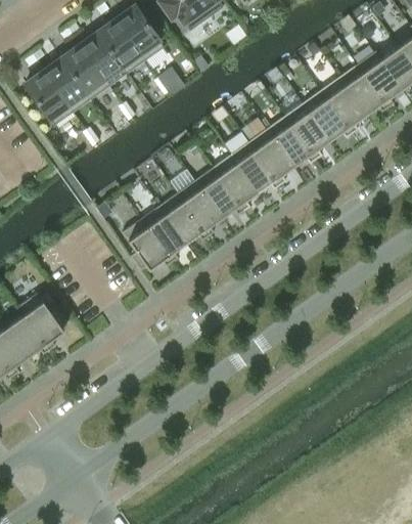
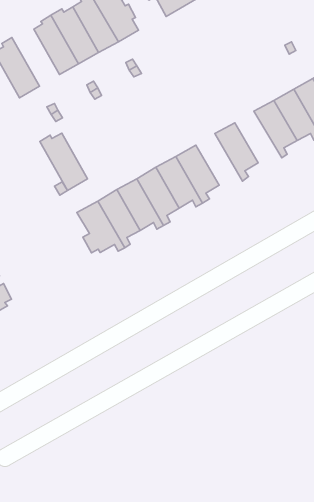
building: [41,57,91,113] -> [40,133,88,190]
building: [267,116,316,166] -> none
building: [231,141,280,191] -> none

